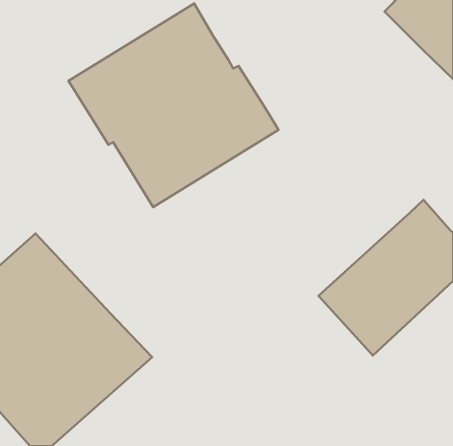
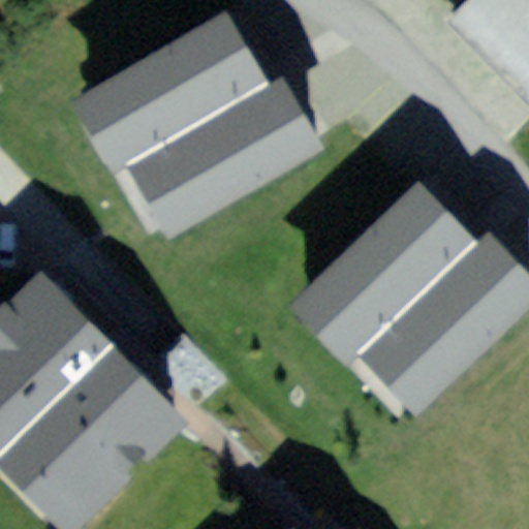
building: none -> [294,181,476,357]

